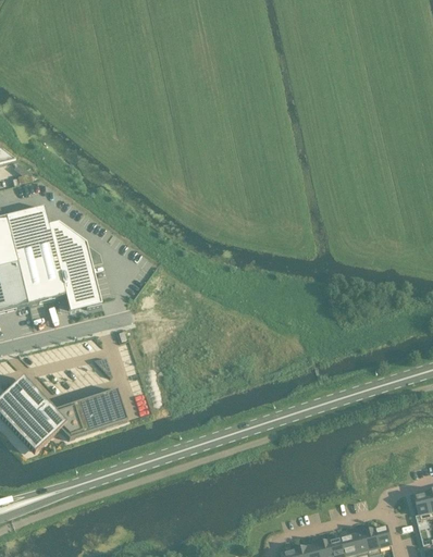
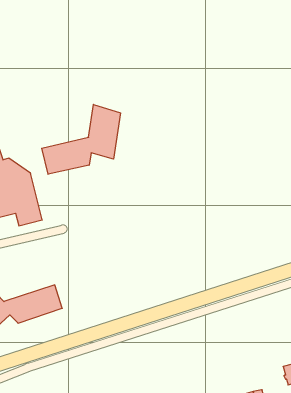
building: none -> [42,104,120,174]

